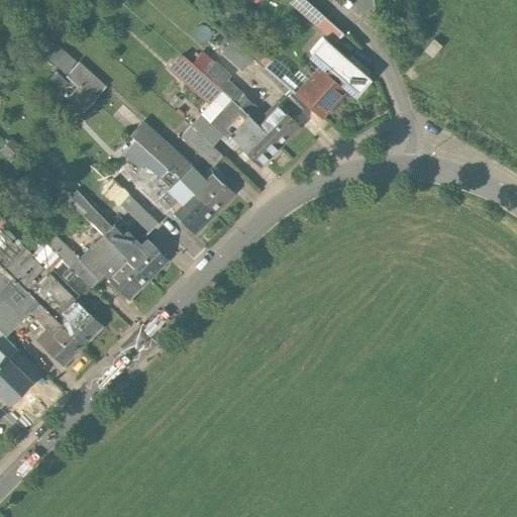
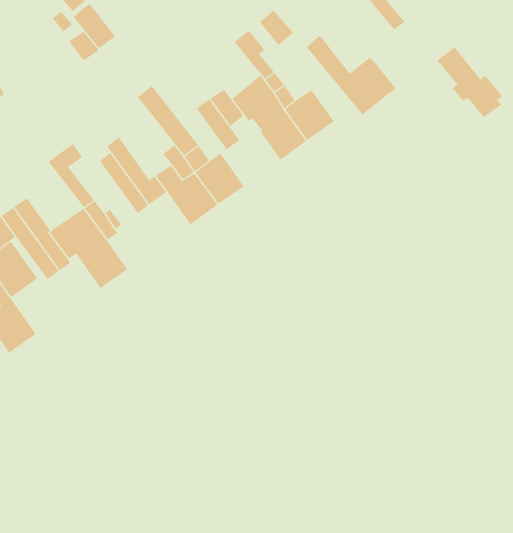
building: [309,38,370,94] -> [436,46,503,118]
building: [170,57,219,103] -> none
building: [125,140,169,178] -> none
building: [126,237,167,279] -> none
building: [55,299,101,345] -> none

